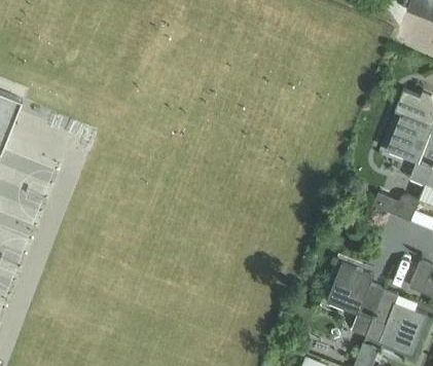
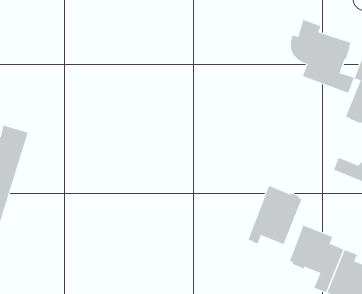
building: none -> [290,19,354,94]
building: none -> [248,185,302,245]

